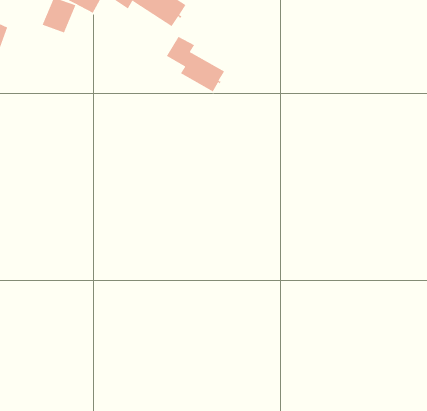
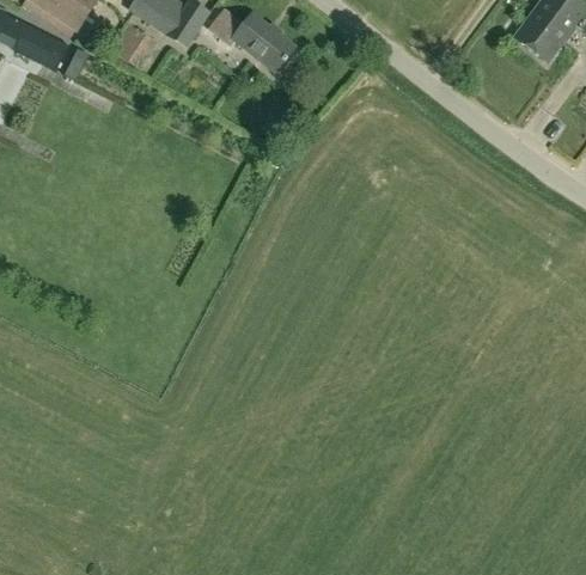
building: [166,36,225,93] -> none

